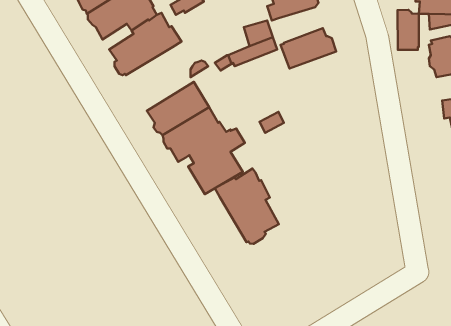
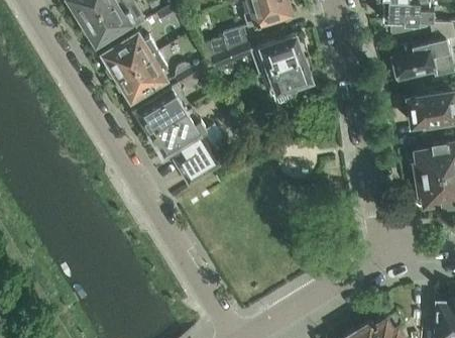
building: [397,10,419,50] -> none
building: none -> [114,52,167,103]
building: none -> [263,57,311,94]
building: [215,169,279,244] -> none

